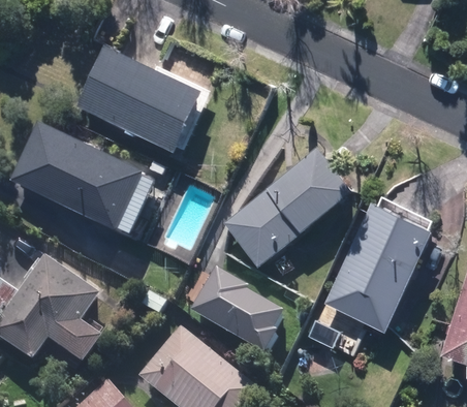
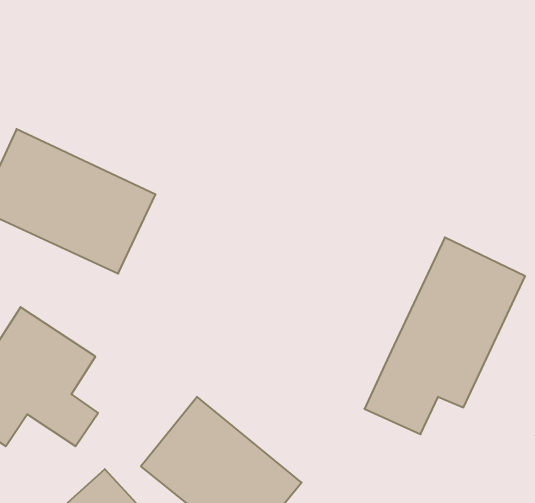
building: [77,45,207,154] -> none
building: [222,147,353,267] -> none
building: [190,267,285,353] -> none

